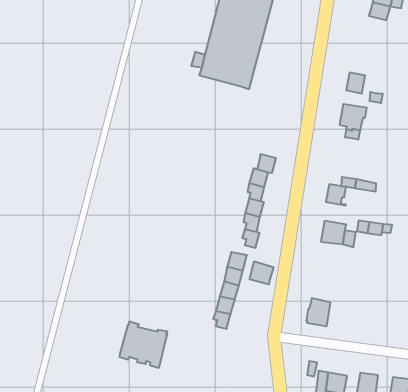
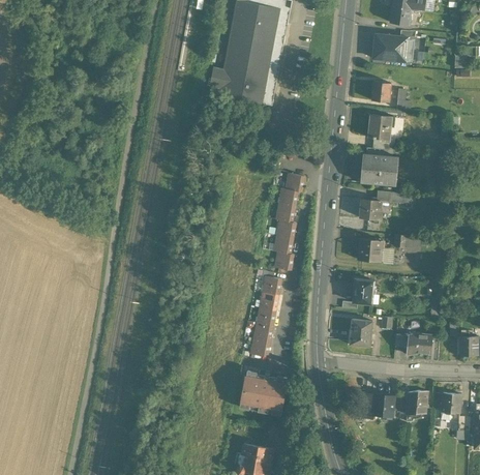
building: none -> [372,35,414,63]
building: none -> [363,154,394,185]
building: none -> [352,277,373,303]
building: [250,261,273,284] -> none
building: none -> [407,334,431,354]
building: [119,322,167,368] -> [239,369,287,415]

